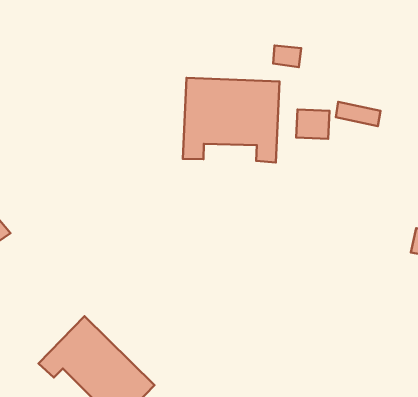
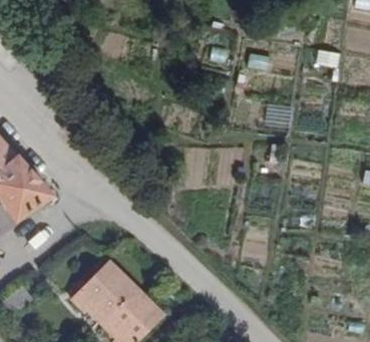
building: [183,78,279,162] -> none

